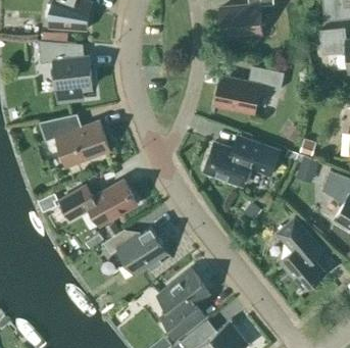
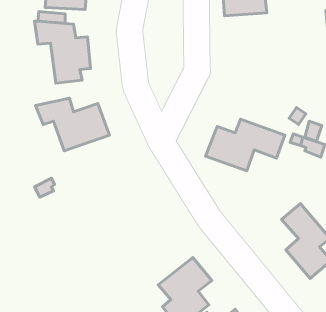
building: [214,66,284,113] -> none
building: [59,180,138,226] -> none
building: [104,227,167,275] -> none

